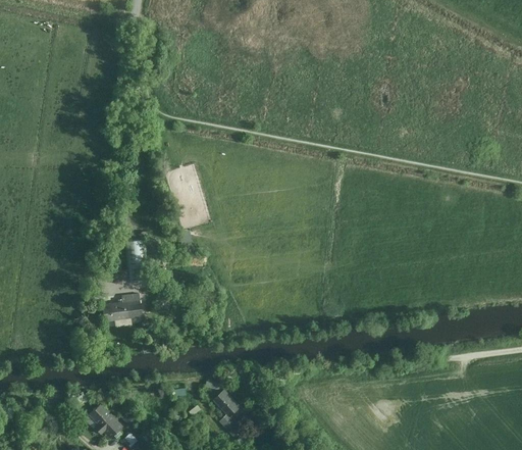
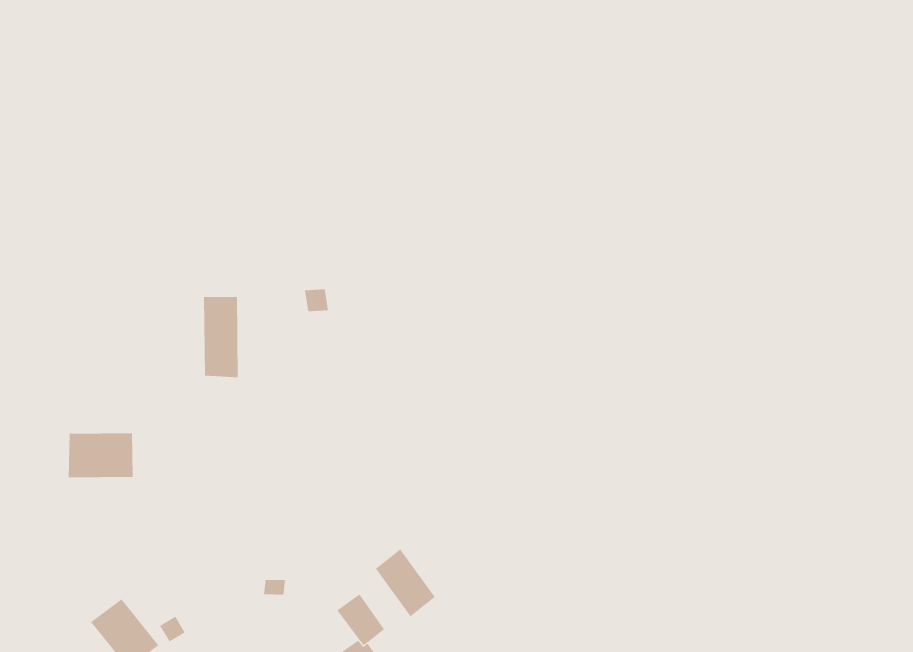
building: [106,296,143,323] -> [68,433,134,478]
building: none -> [375,549,435,617]

